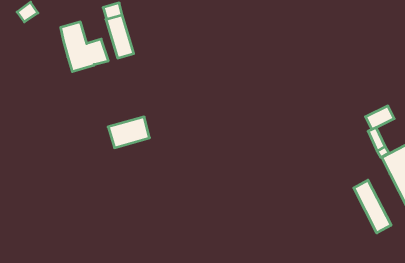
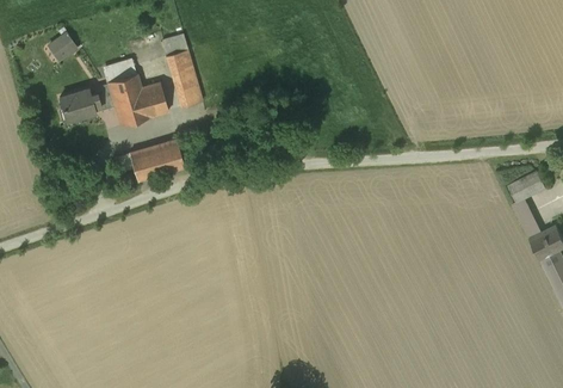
building: none -> [60,85,116,122]
building: [108,117,150,148] -> [130,141,185,181]
building: [354,180,391,233] -> none

